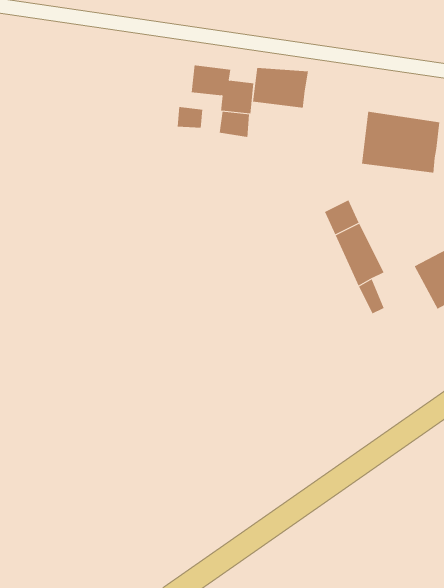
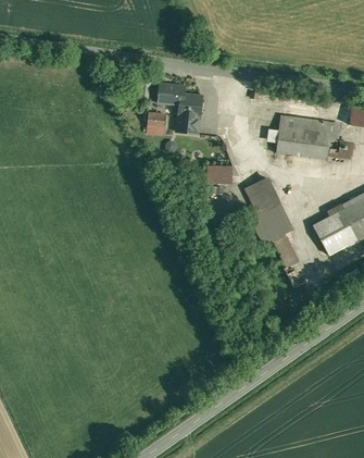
building: [252,67,308,108] -> none
building: none -> [204,164,229,183]

